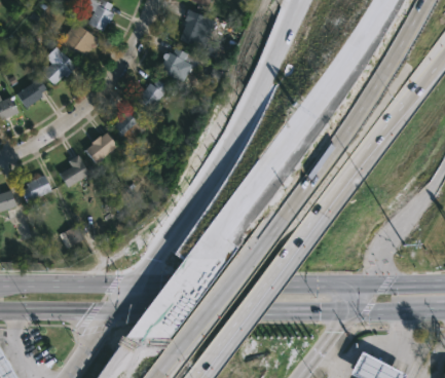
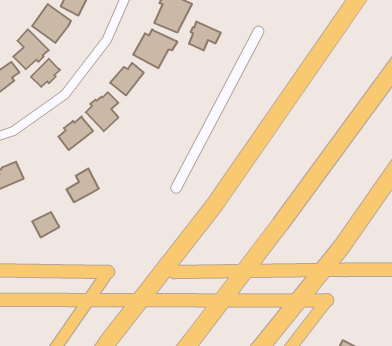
building: none -> [189,21,221,51]
building: none -> [31,59,60,87]
building: [60,154,91,187] -> [66,168,99,202]

